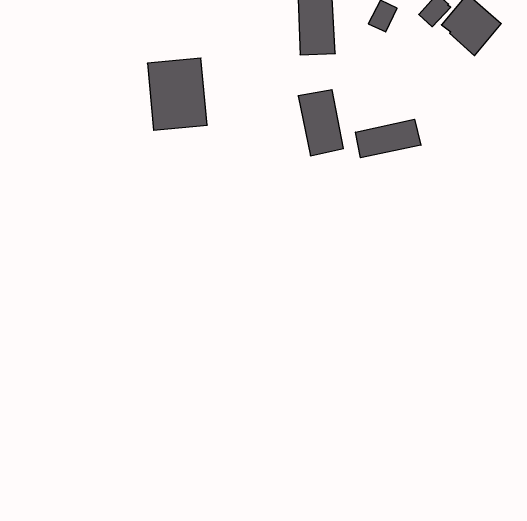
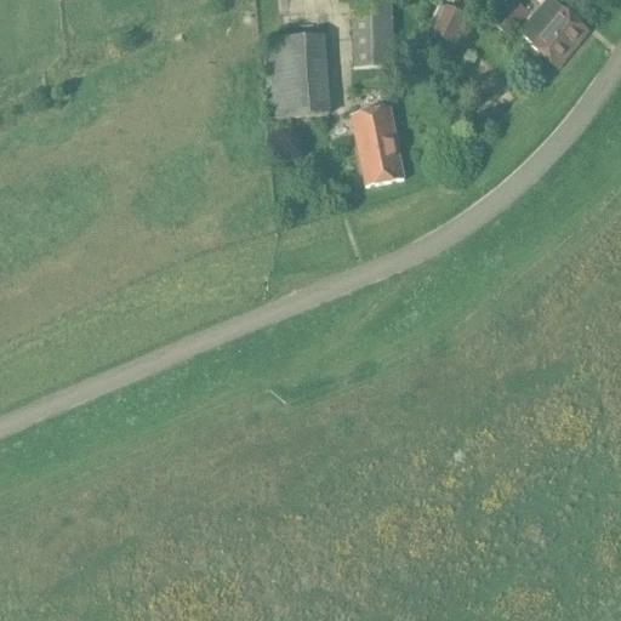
building: [147,58,207,130] -> [262,30,332,115]
building: [356,119,421,158] -> none

